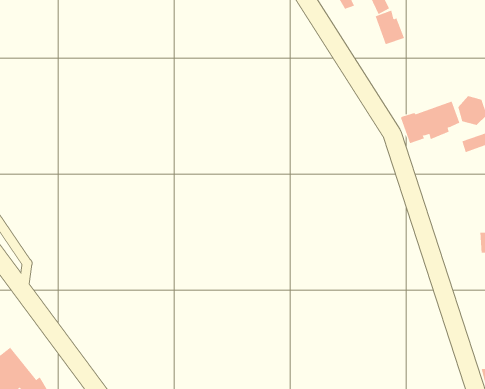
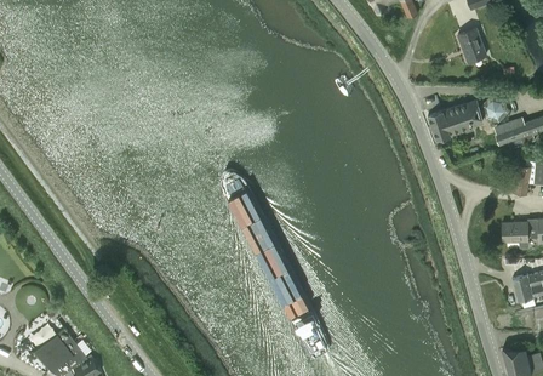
building: [375,10,405,45] -> [458,28,486,61]

